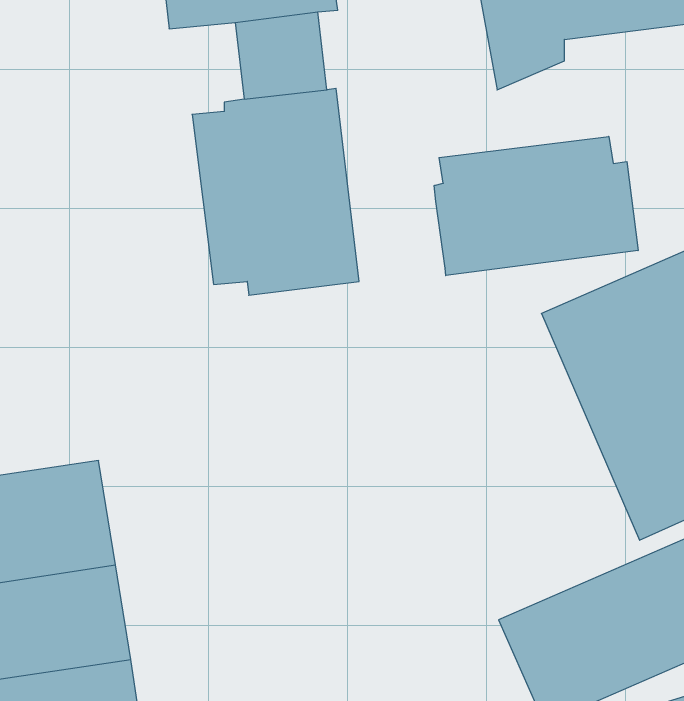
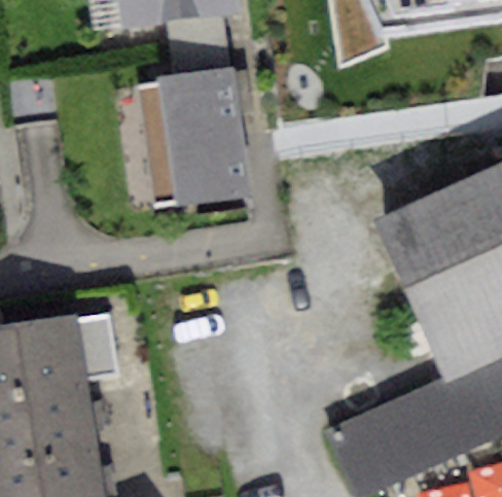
building: [434,136,638,276] -> none

